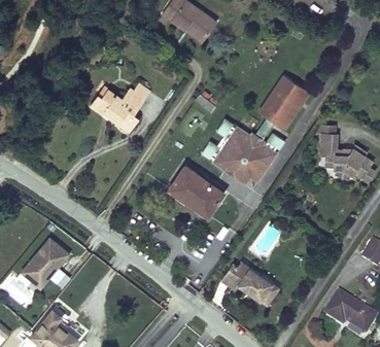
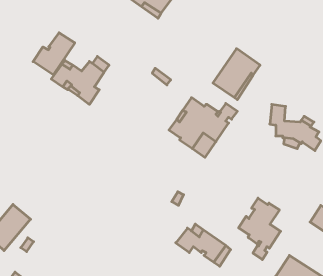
building: none -> [33,33,75,75]
building: [170,166,223,214] -> none
building: none -> [239,198,281,260]

